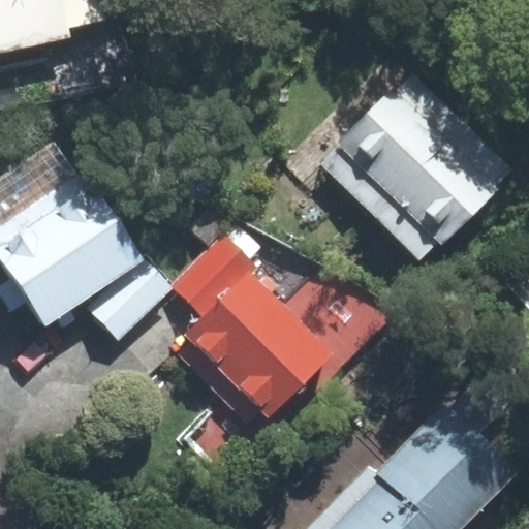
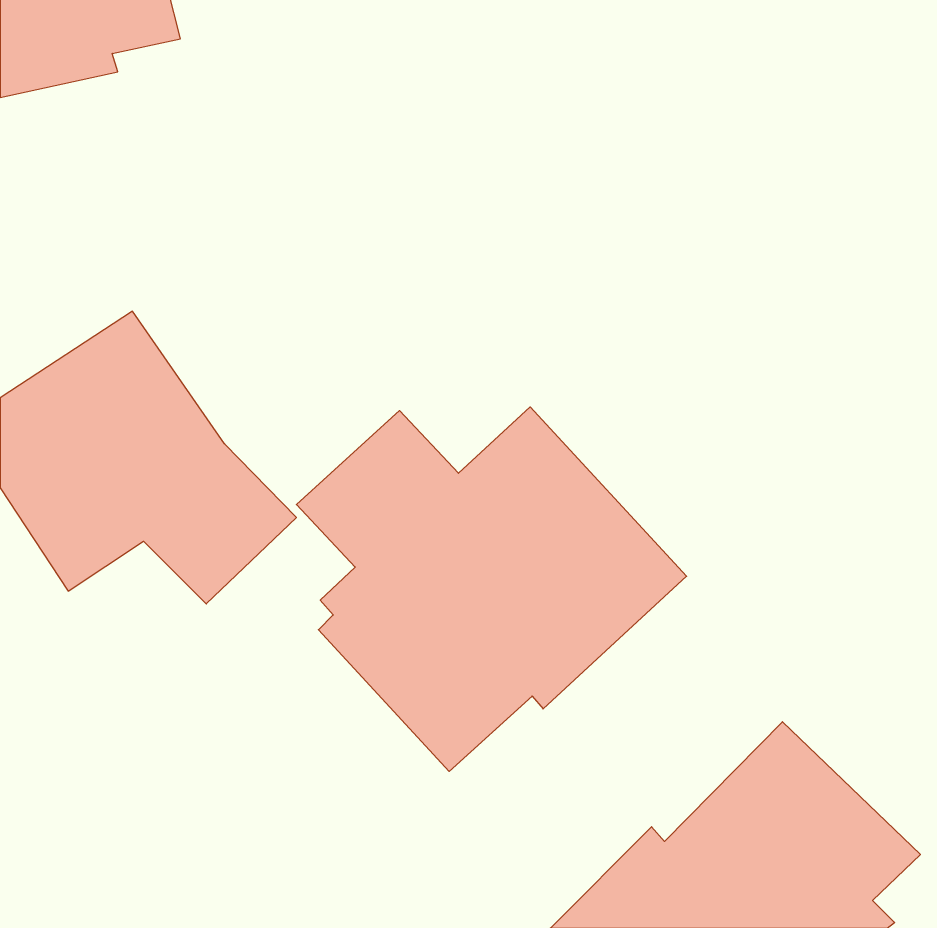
building: [320,74,506,266] -> none

